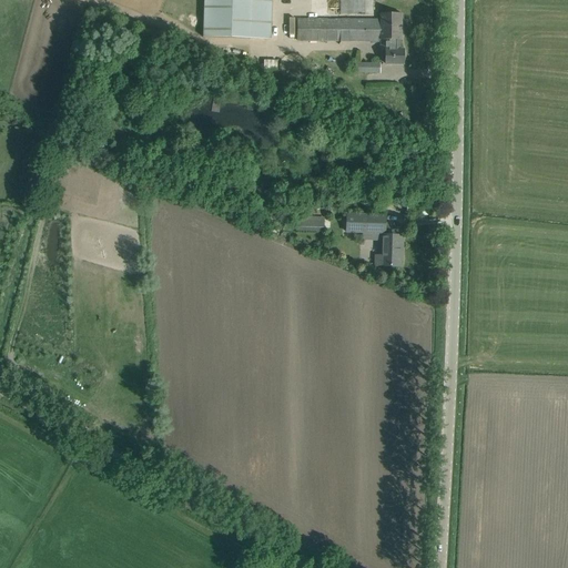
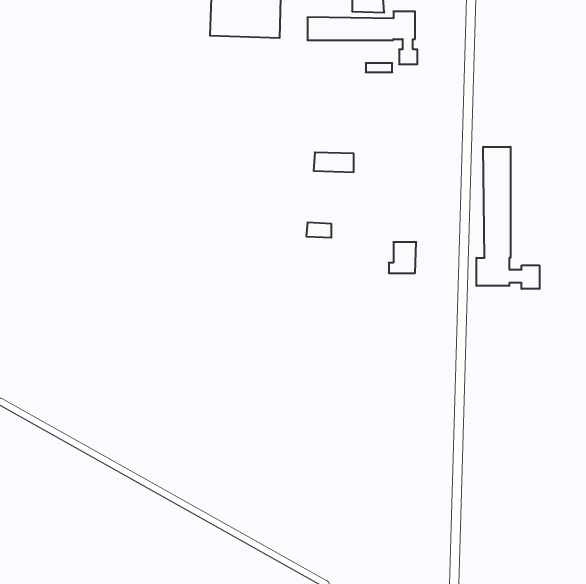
building: none -> [476,147,539,289]
building: [346,212,385,231] -> [314,152,354,172]

